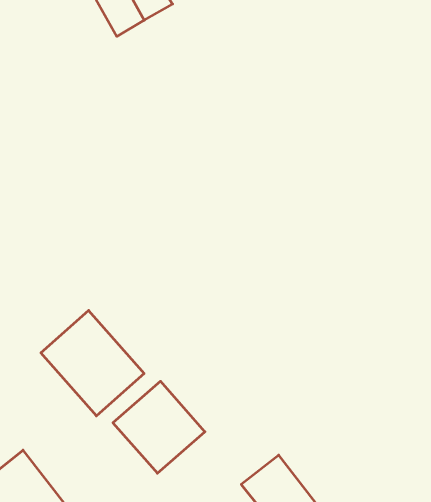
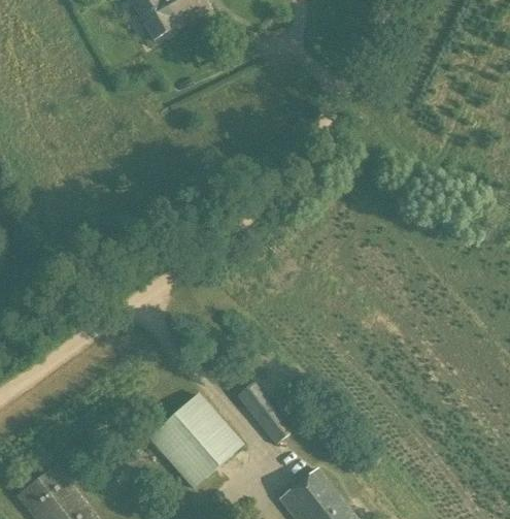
building: [41,310,144,416] -> none
building: none -> [238,383,294,446]

